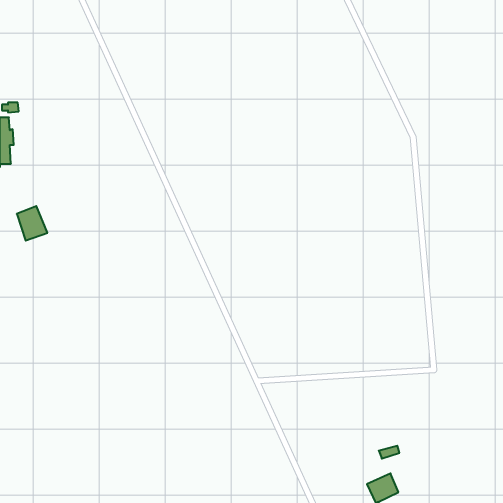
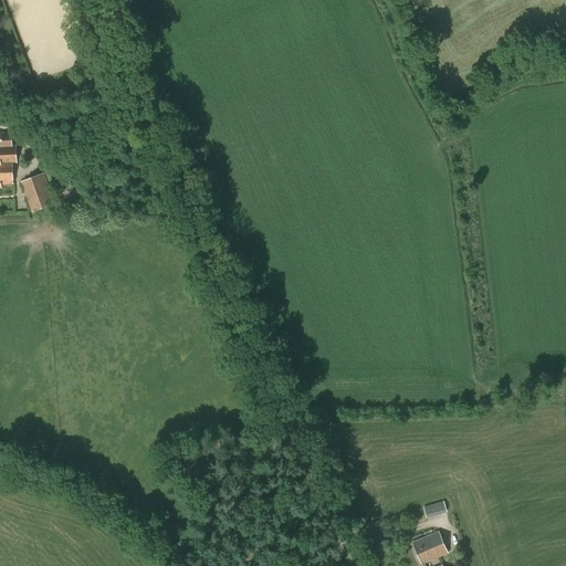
building: [17,206,47,241] -> [20,172,54,211]

